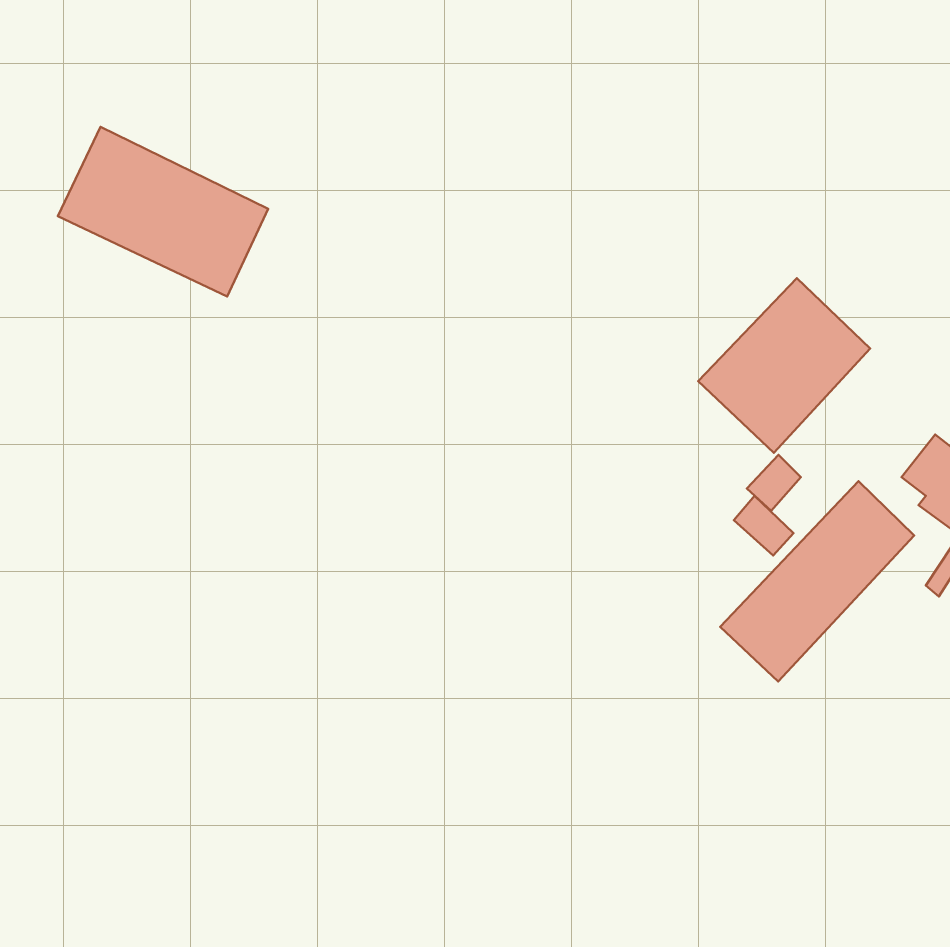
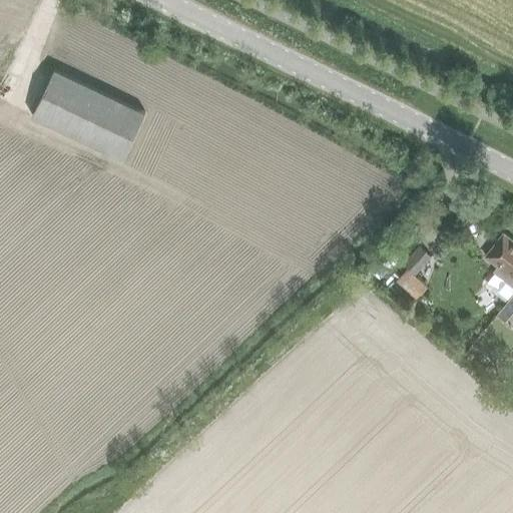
building: [698,278,870,453] -> none
building: [720,481,914,681] -> none

